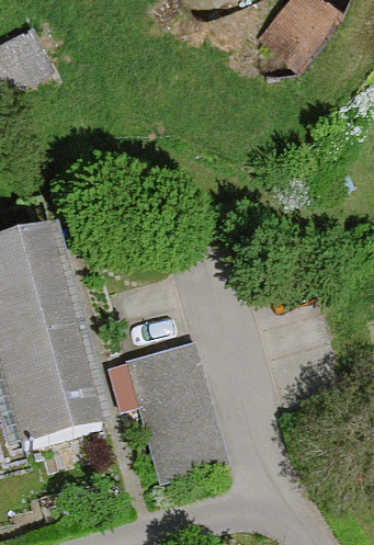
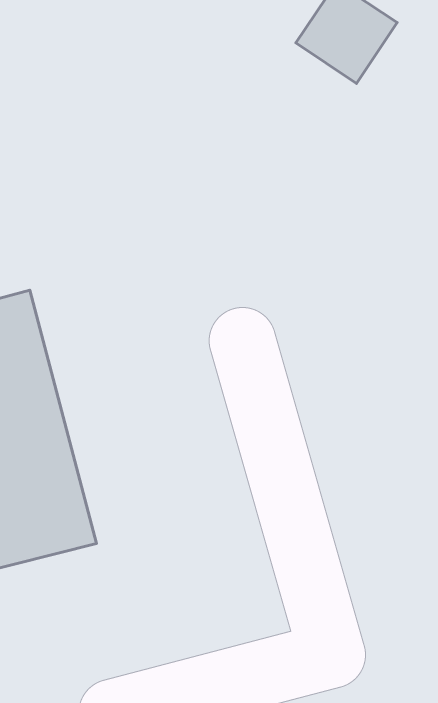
building: [126,344,217,474] -> none

